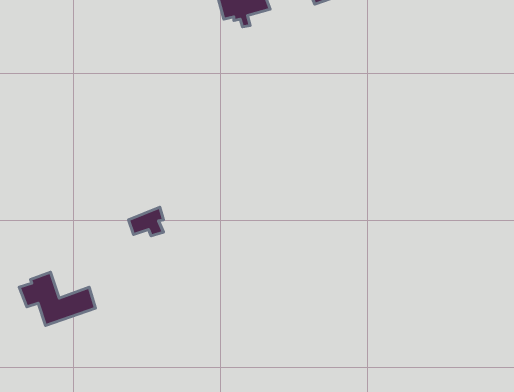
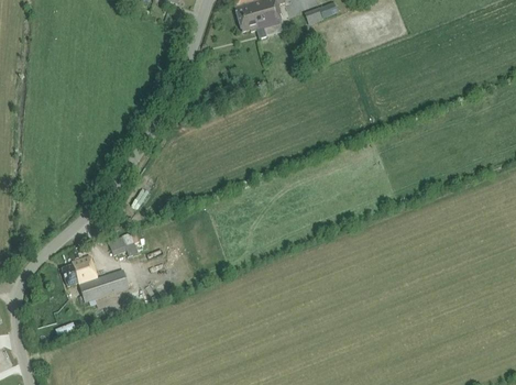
building: [129,207,164,236] -> [109,231,140,256]

